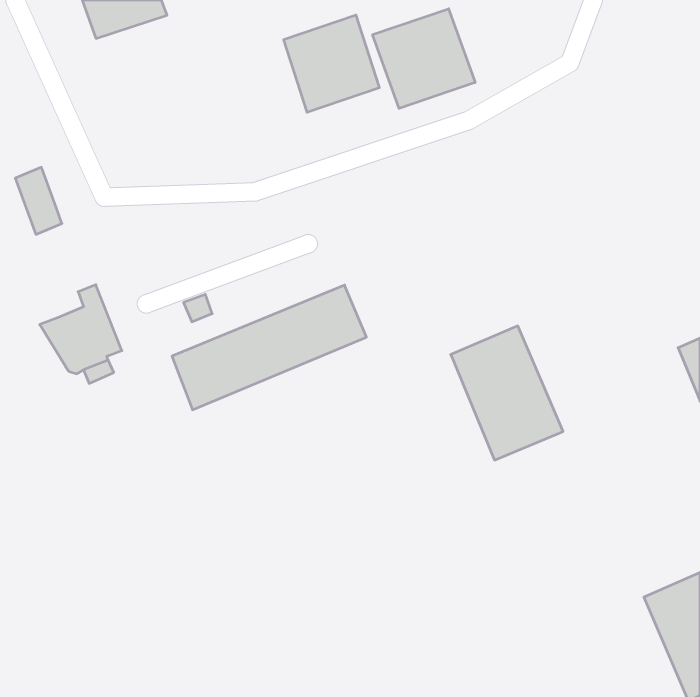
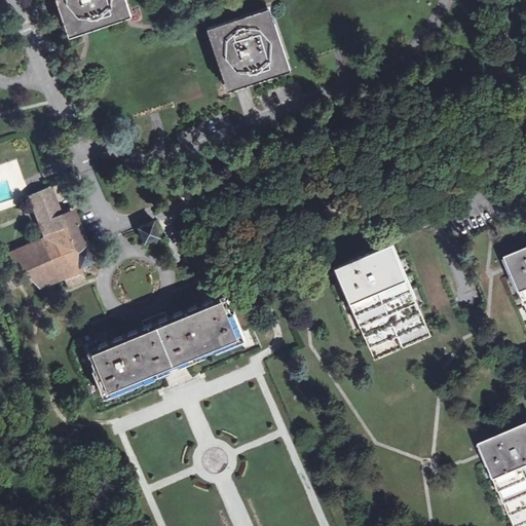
building: [373,9,475,108] -> none
building: [15,167,62,234] -> [28,190,63,240]
building: [172,285,366,410] -> [91,299,237,392]
building: none -> [4,246,49,285]

